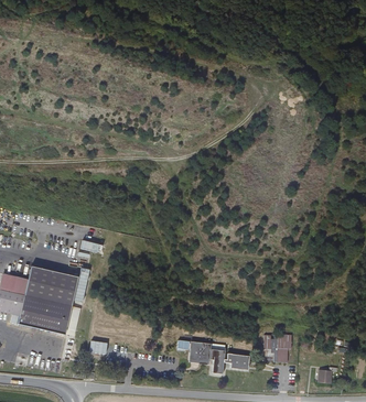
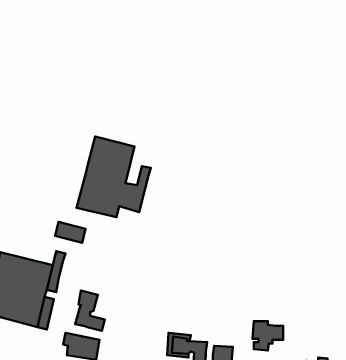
building: none -> [77,136,151,217]
building: none -> [75,290,105,331]

